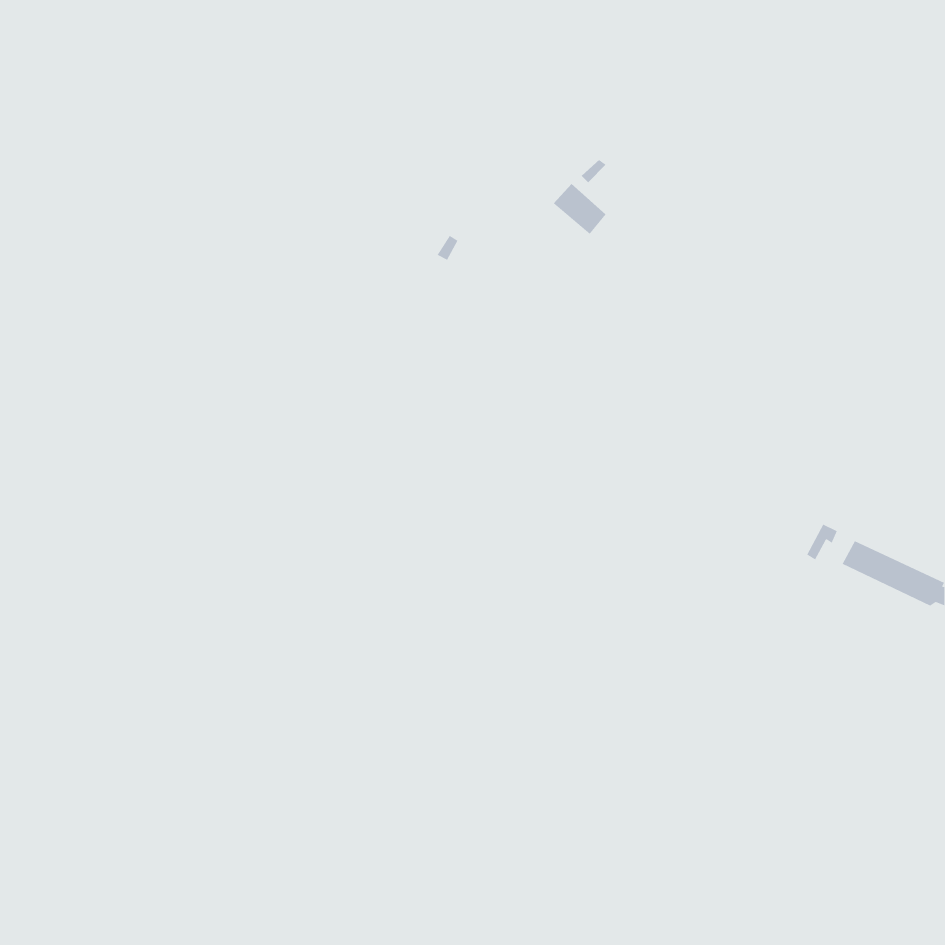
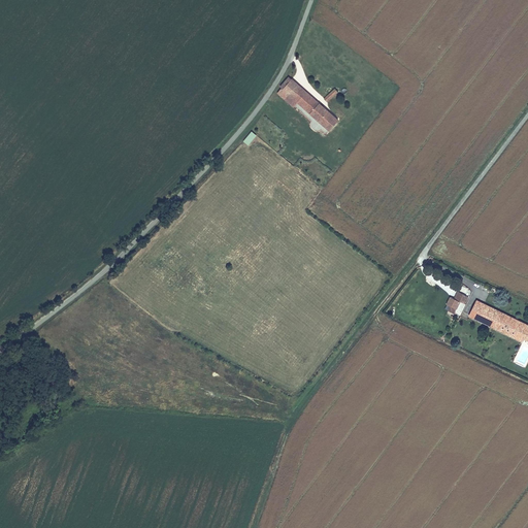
building: none -> [277,76,319,113]

